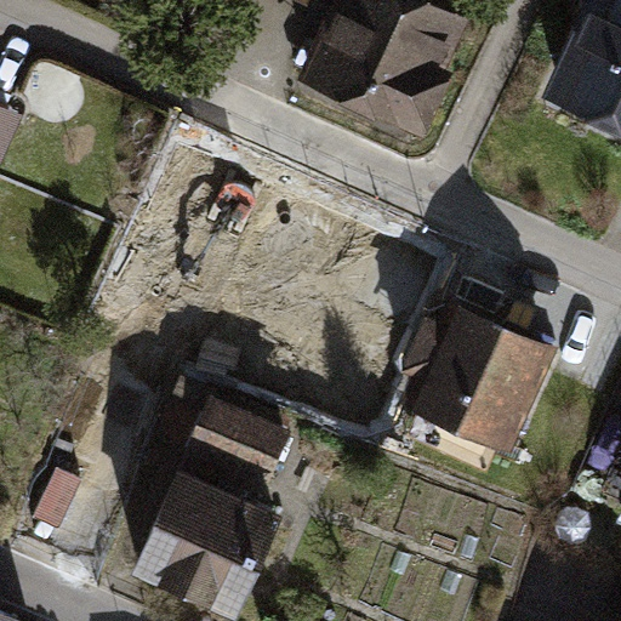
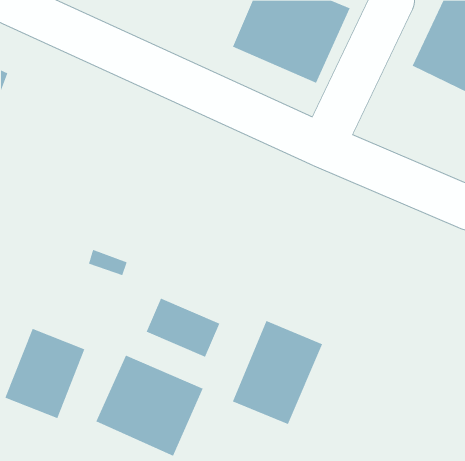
building: [398,309,545,441] -> none
building: none -> [232,320,323,425]

